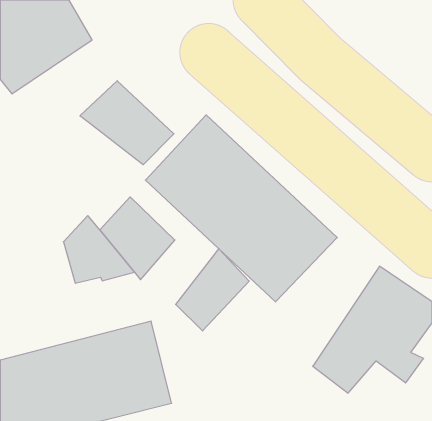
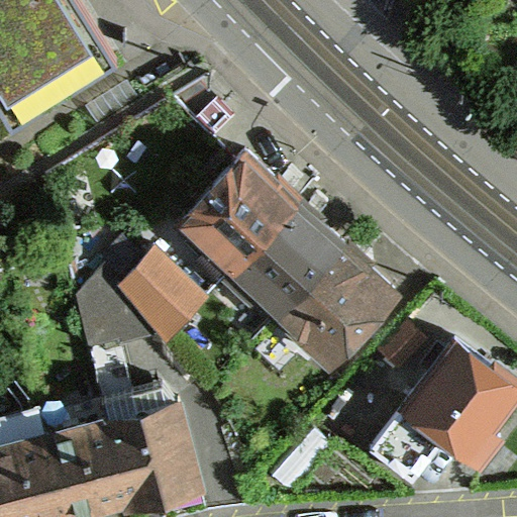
building: [80,81,174,165] -> none
building: [176,249,249,331] -> none

